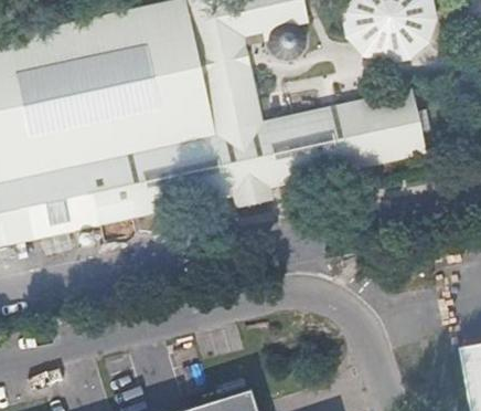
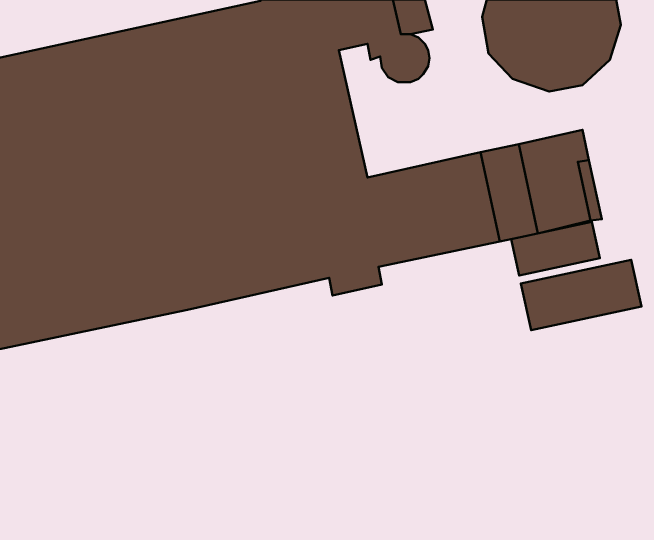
building: none -> [511,222,600,276]
building: none -> [521,260,641,330]

